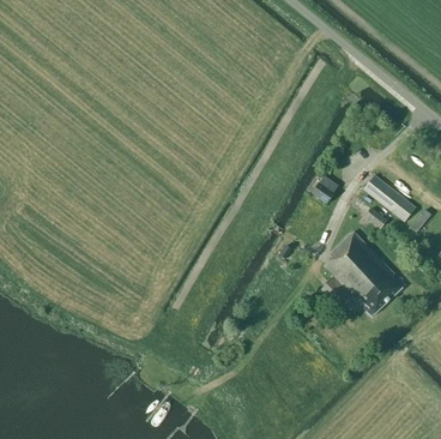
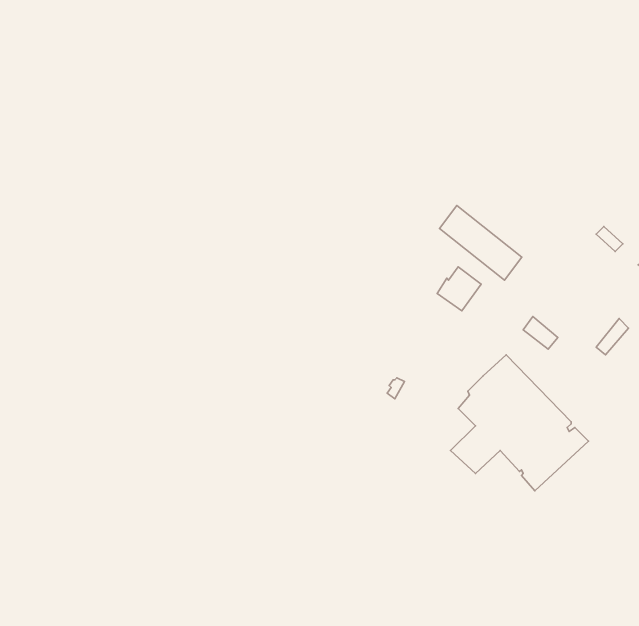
building: [363,174,415,221] -> [440,205,522,280]

